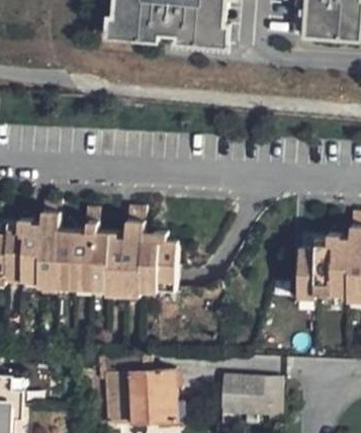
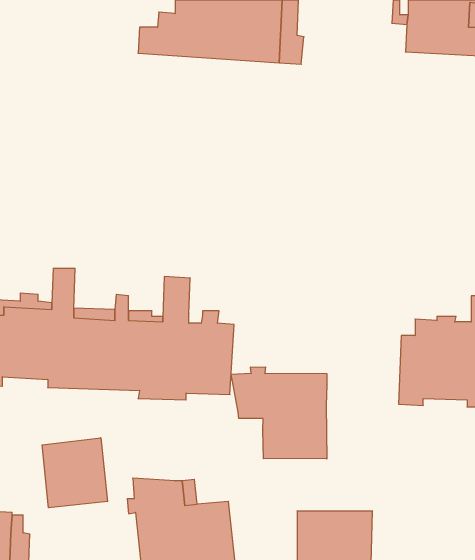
building: none -> [231,367,327,459]
building: none -> [42,438,107,508]

